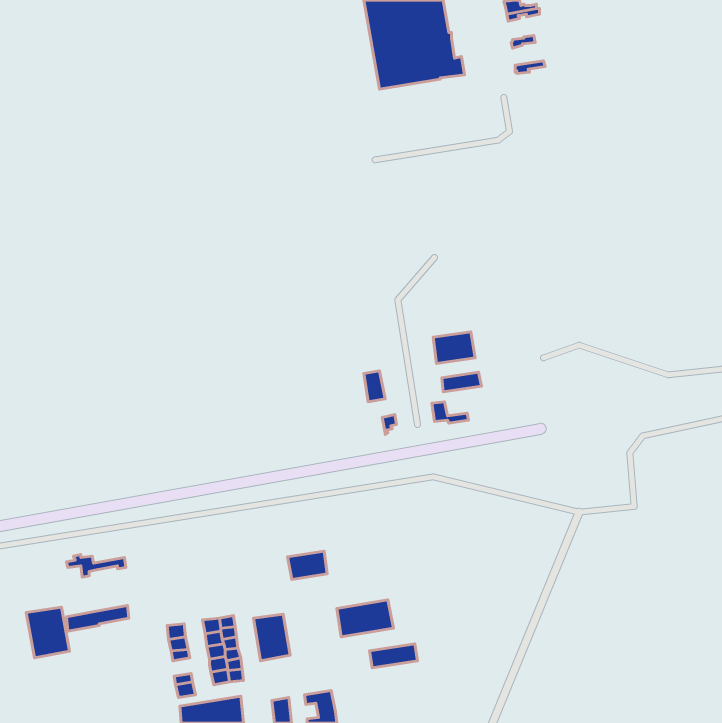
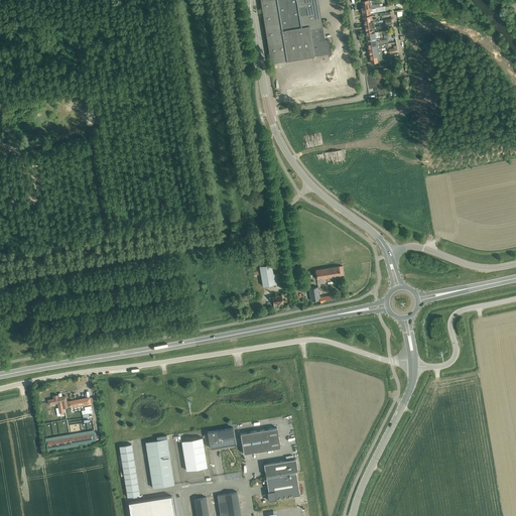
building: [433,332,475,364] -> none
building: [288,551,327,579] -> [207,427,235,447]
building: [26,607,69,658] -> none
building: none -> [265,473,299,501]

